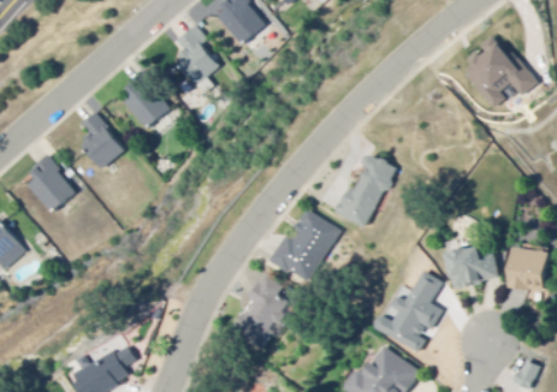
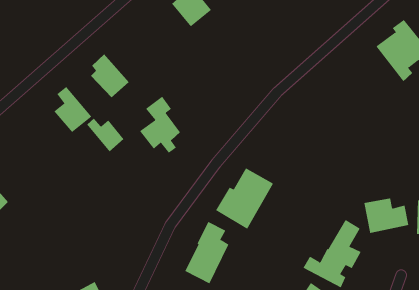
building: [168,24,218,93] -> [139,96,181,154]
building: none -> [87,118,124,152]
building: [334,152,398,227] -> none
building: [23,155,76,210] -> none

